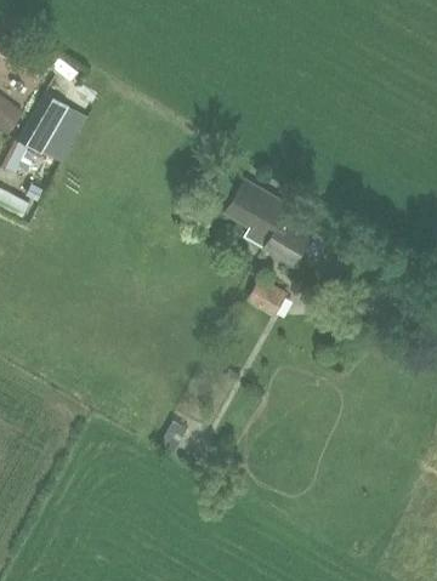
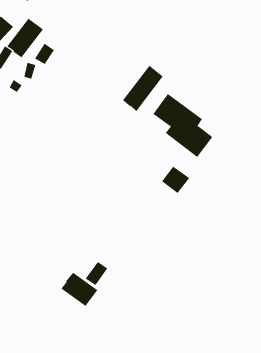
building: none -> [122,65,163,112]
building: none -> [60,272,98,307]

